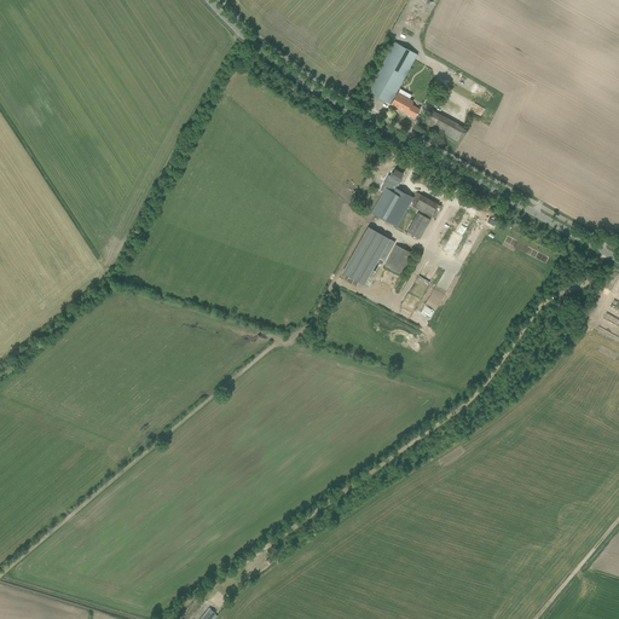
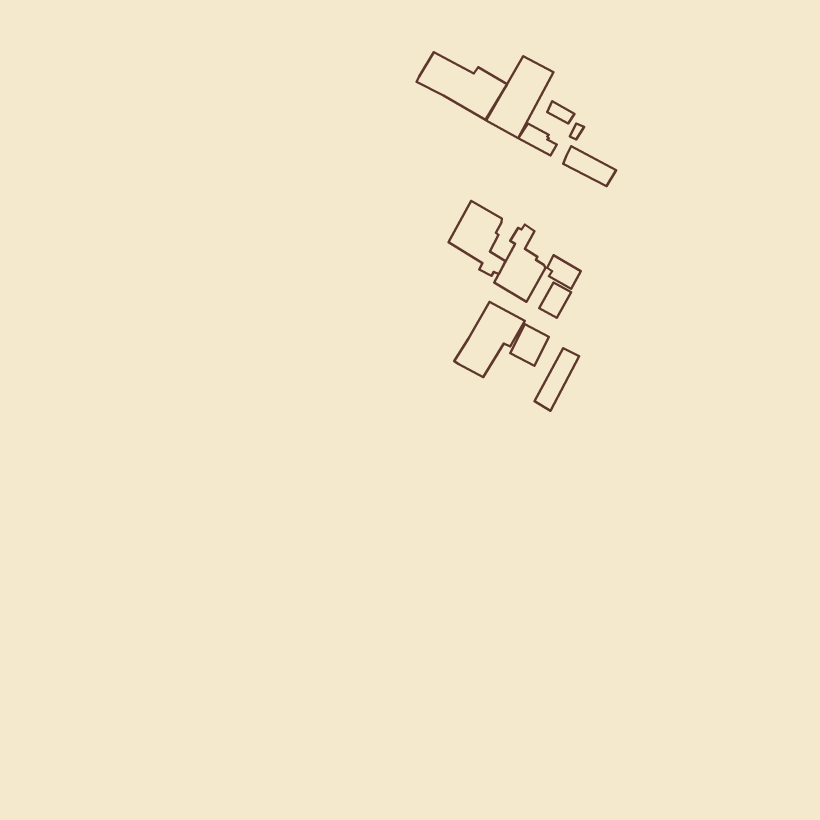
building: none -> [416,52,507,120]
building: none -> [448,201,505,276]

